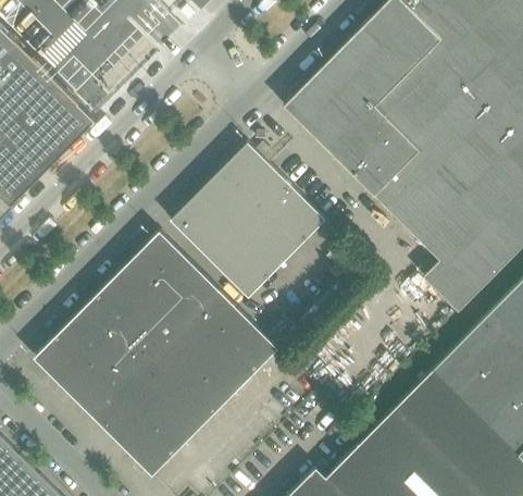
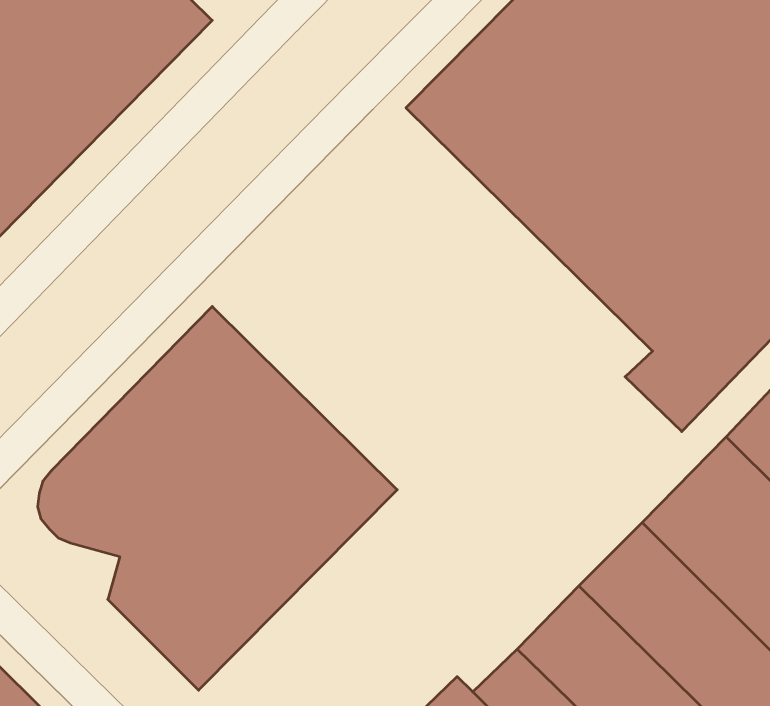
building: [170,144,324,297] -> none

